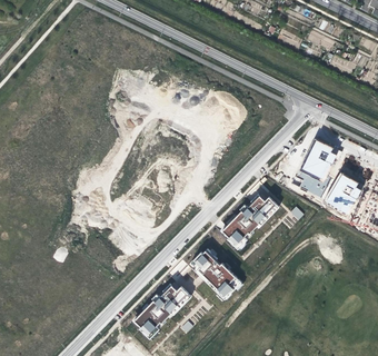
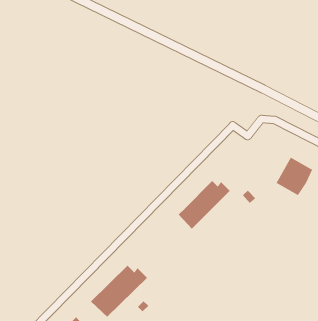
building: [300,138,341,180] -> none
building: [191,249,241,299] -> none

